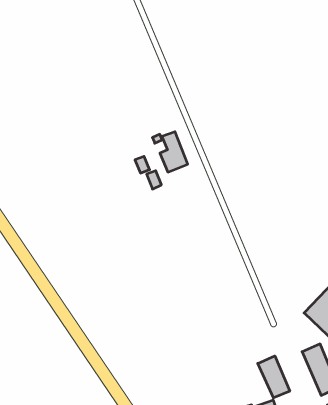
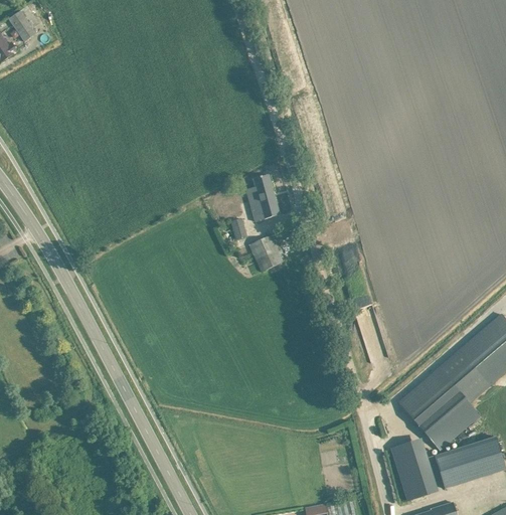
building: none -> [248,234,283,272]
building: [258,356,290,398] -> none

